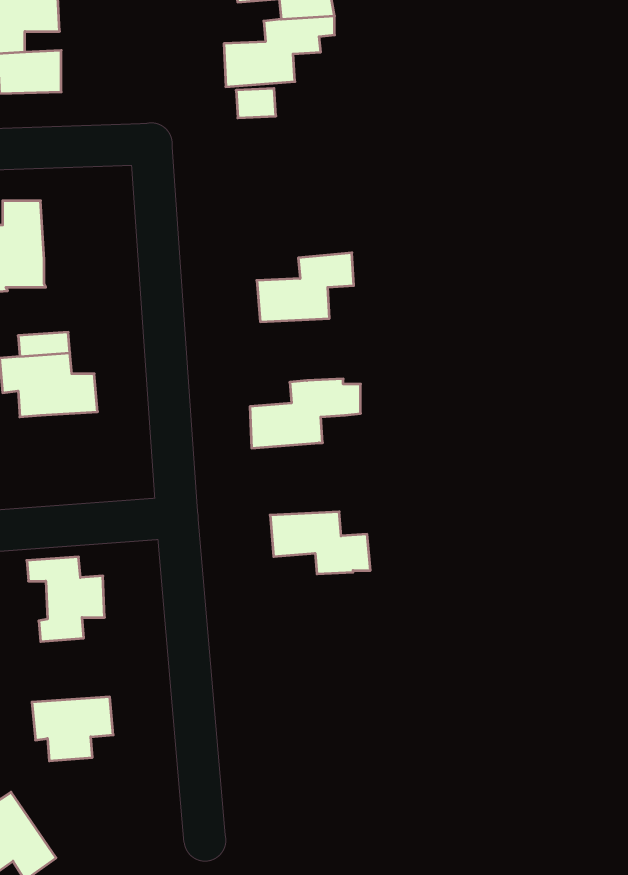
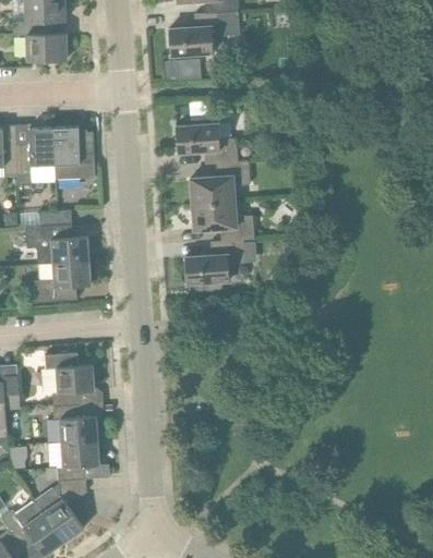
building: none -> [175,123,249,163]
building: none -> [52,126,94,180]
building: none -> [35,260,89,302]
building: [270,512,370,574] -> [191,202,254,241]
building: none -> [45,403,96,444]
building: none -> [34,478,86,542]

